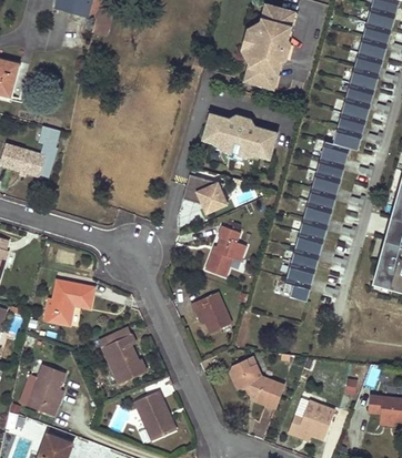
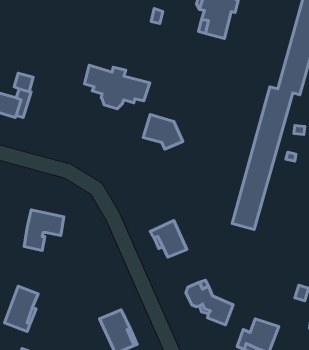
building: [203,113,277,162] -> [84,65,150,109]
building: [204,226,245,277] -> none
building: [101,334,145,384] -> none

